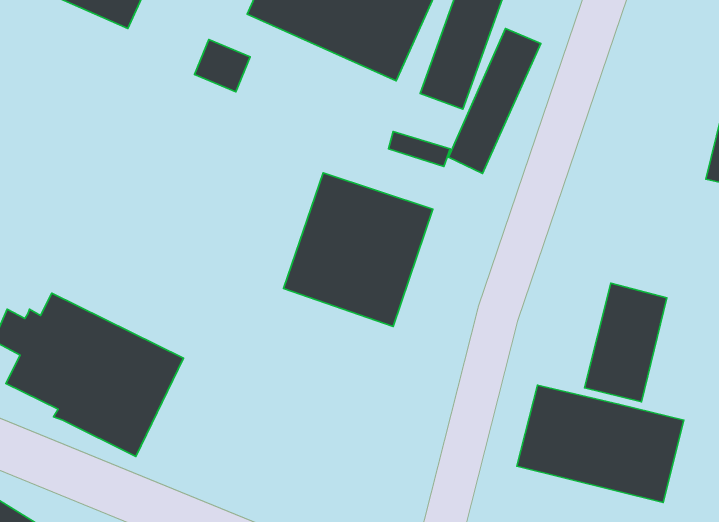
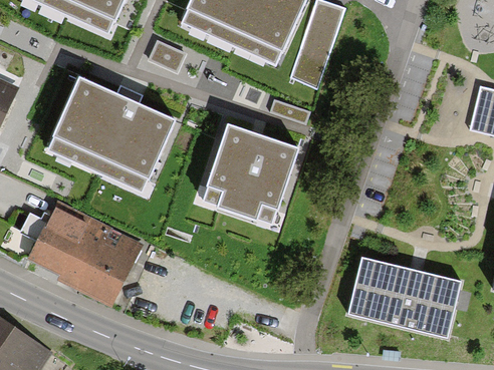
building: [448,28,541,173] -> none
building: none -> [47,77,172,191]
building: [584,283,667,402] -> none

